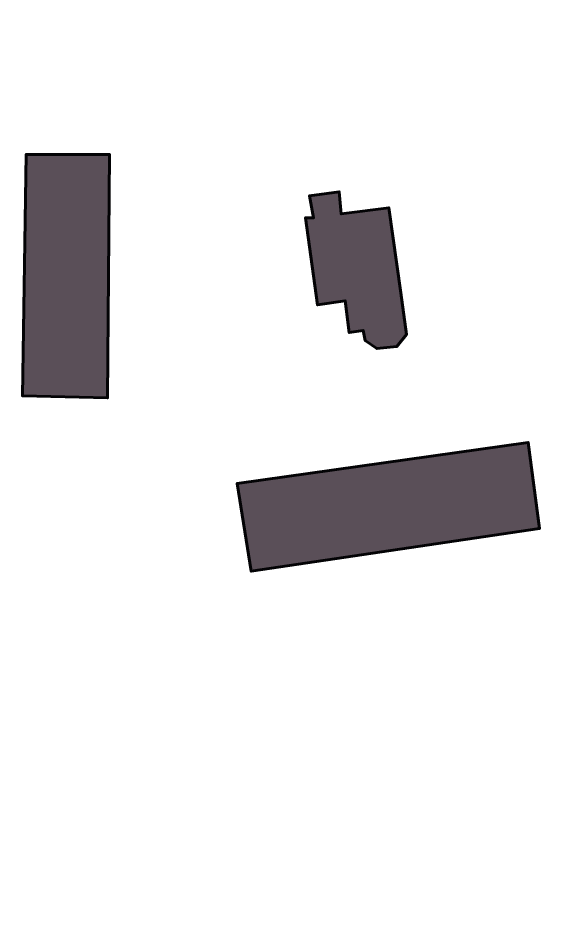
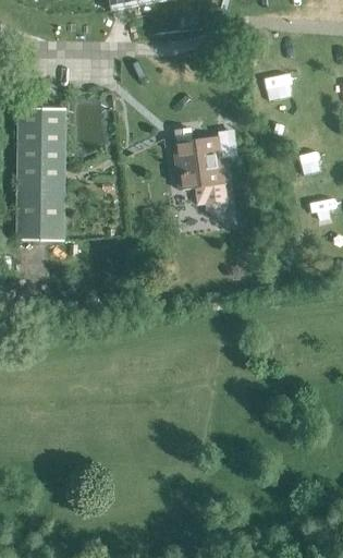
building: [237,442,539,571] -> none

